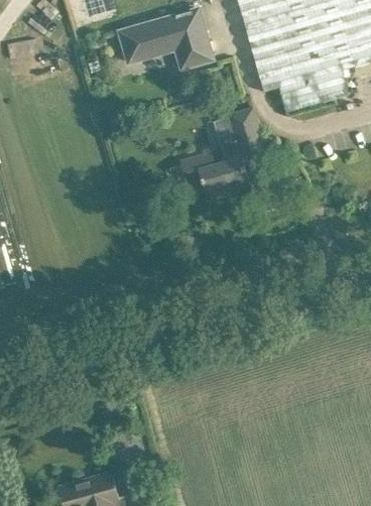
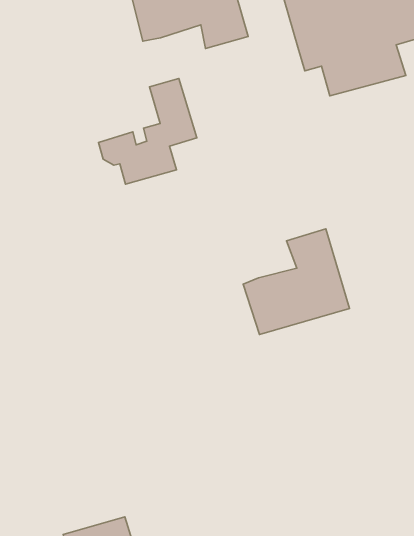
building: [182,106,266,196] -> [98,78,197,184]
building: none -> [243,229,350,335]

